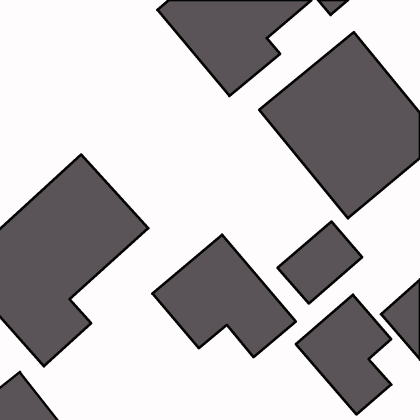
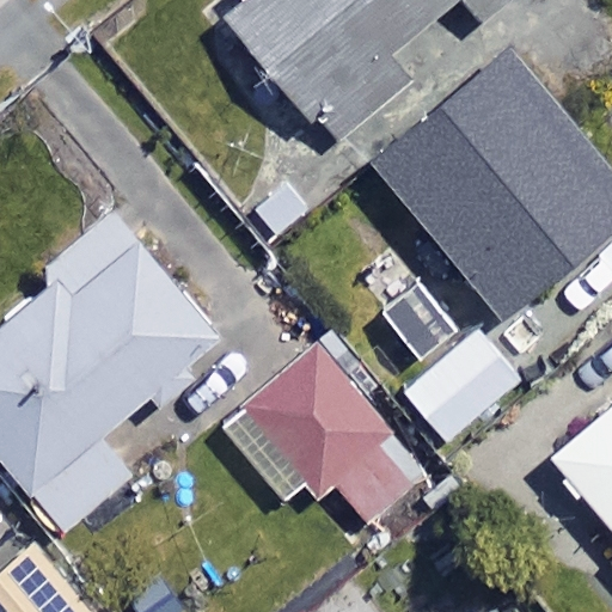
building: [296,295,391,414] -> none

